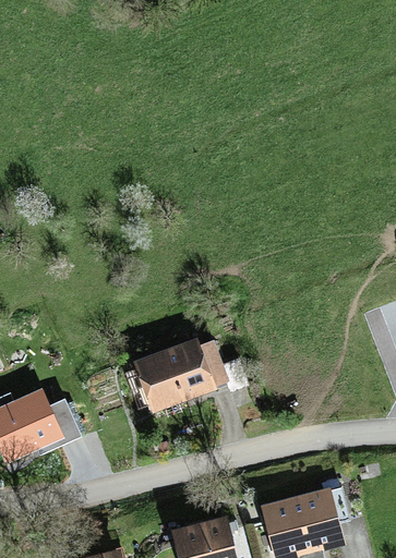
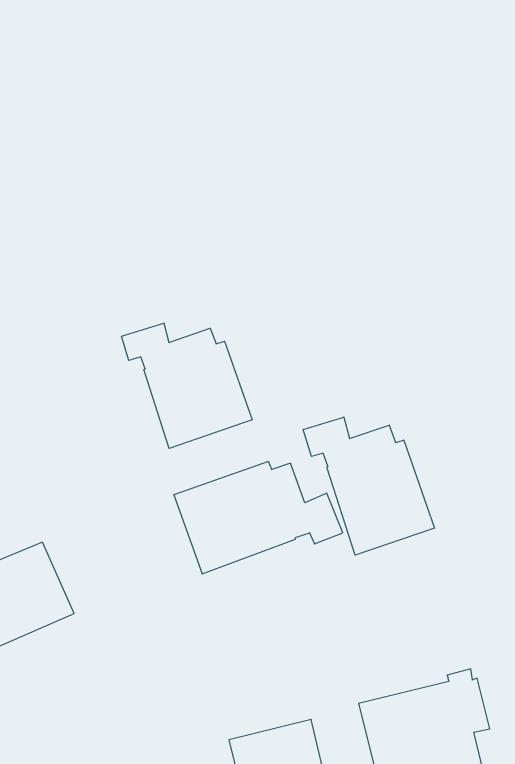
building: none -> [122,323,252,448]
building: none -> [303,417,435,555]

